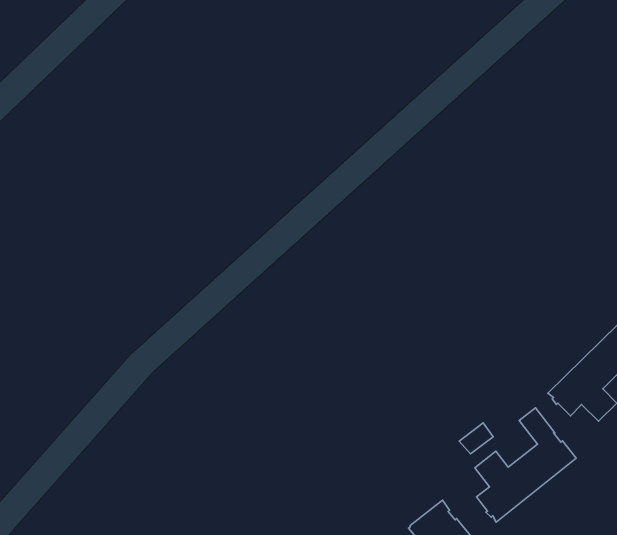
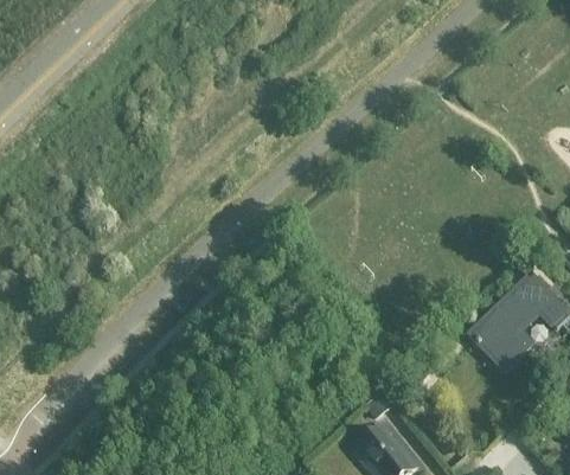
building: [475,408,576,522] -> none

